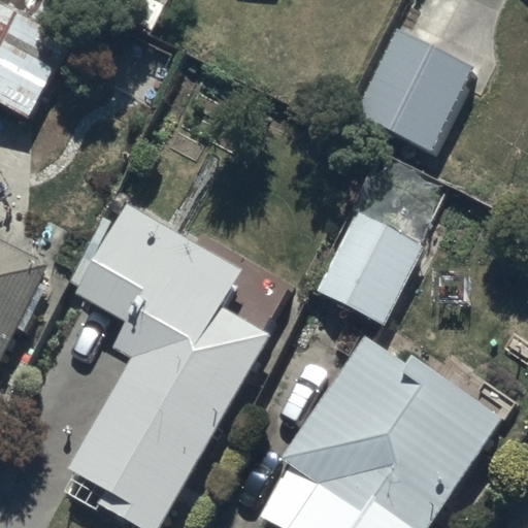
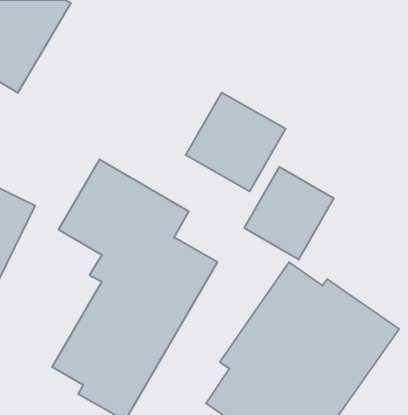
building: [348,28,472,157] -> none
building: none -> [186,93,286,191]

